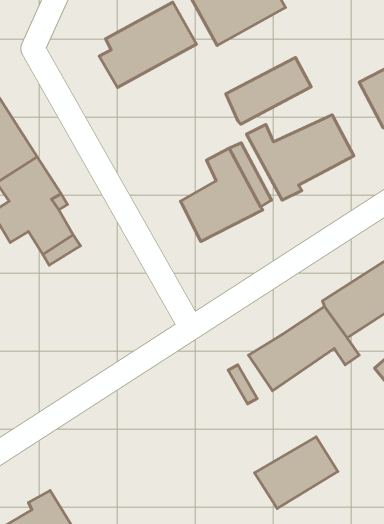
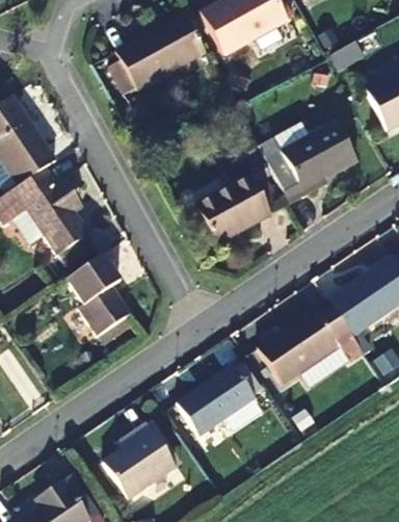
building: [226,57,311,124] -> none
building: none -> [70,251,133,336]
building: none -> [101,424,172,497]
building: [254,437,338,508] -> [171,367,251,436]

